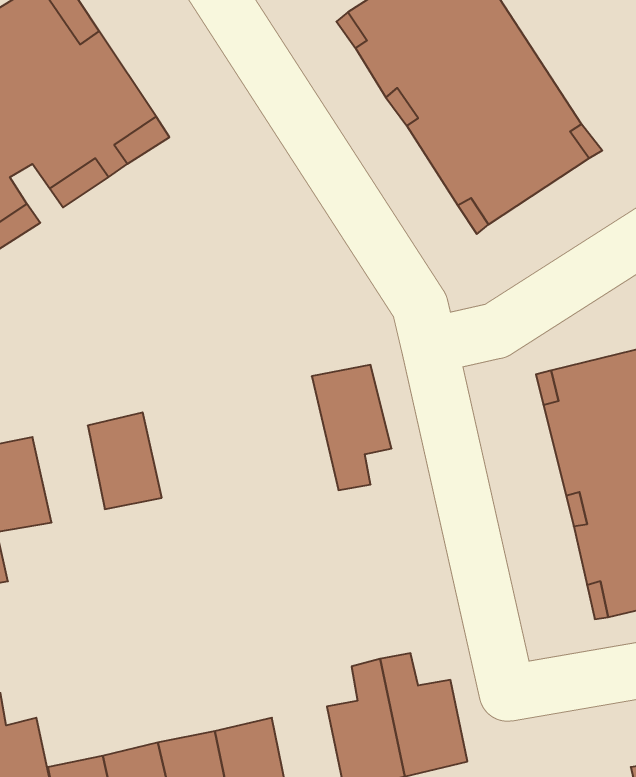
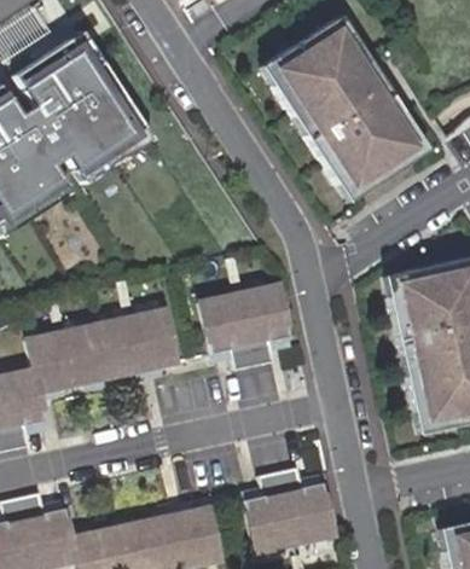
building: none -> [202,289,259,366]
building: none -> [134,304,181,366]
building: none -> [64,320,110,382]

